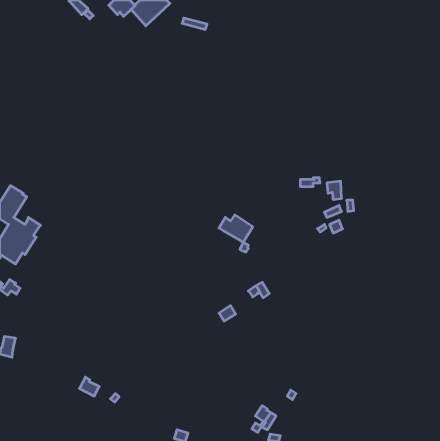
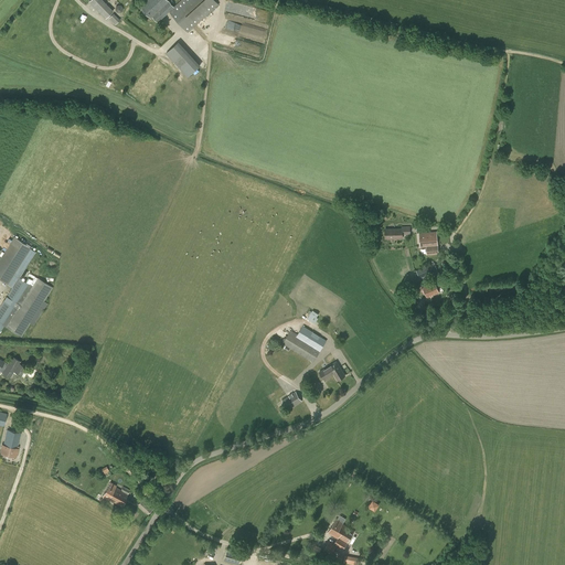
building: none -> [166,41,200,77]
building: [219,215,253,243] -> [282,326,326,361]

